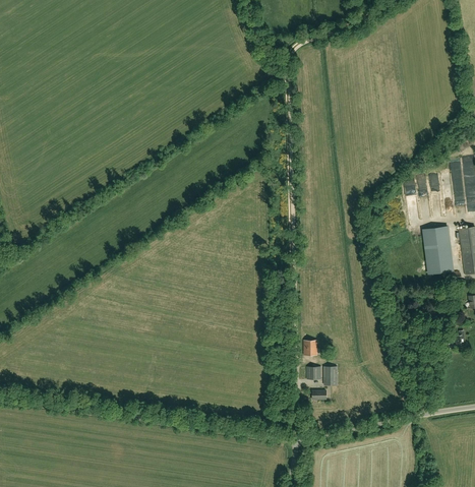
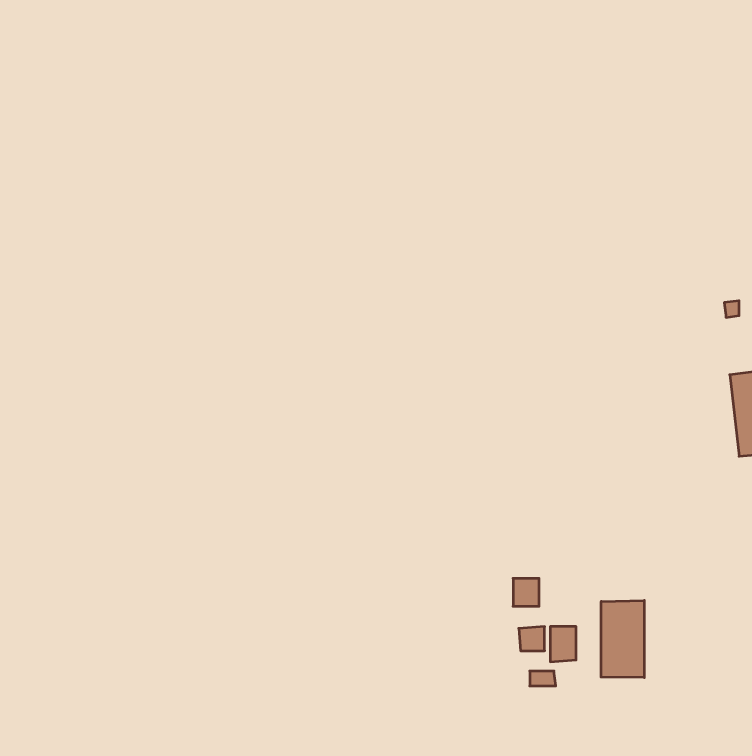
building: none -> [601,600,644,678]

